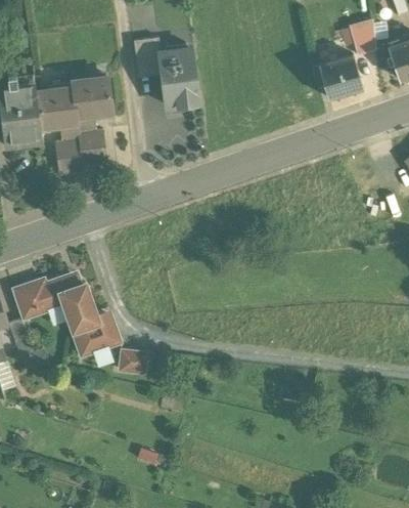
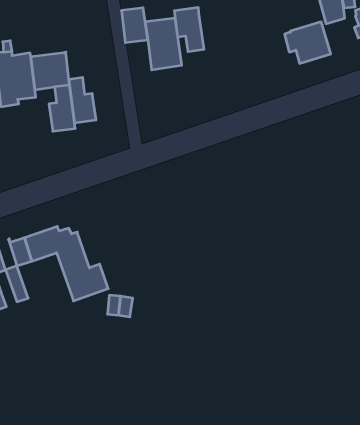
building: none -> [174,7,204,52]
building: [71,76,112,116] -> none

